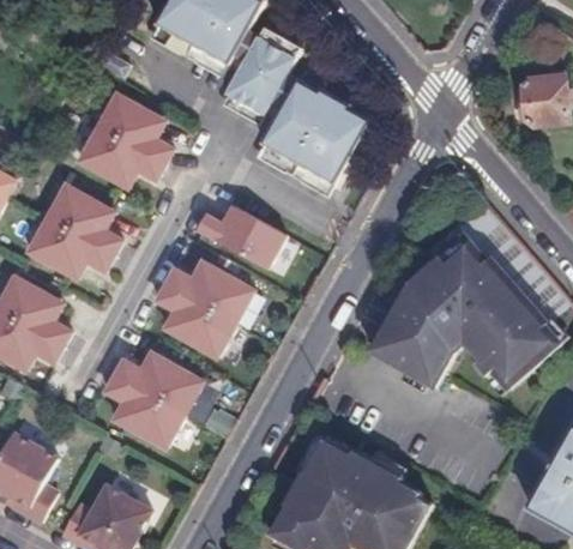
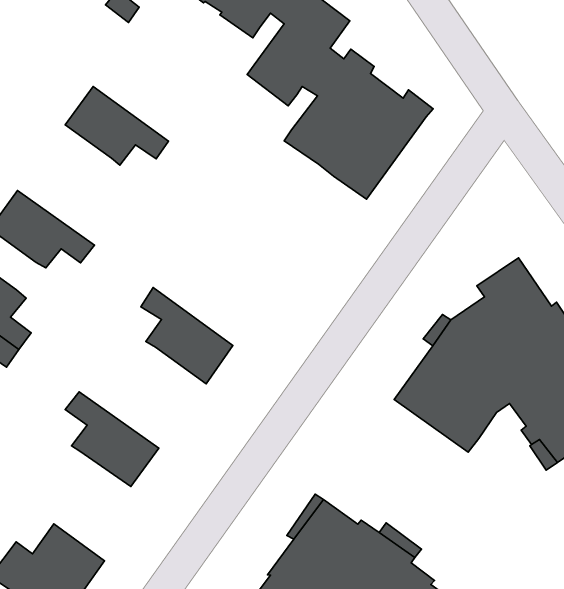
building: [97,93,171,163] -> none
building: [46,183,121,254] -> none
building: [194,205,284,269] -> none
building: [164,260,253,322] -> none
building: [114,351,201,412] -> none

